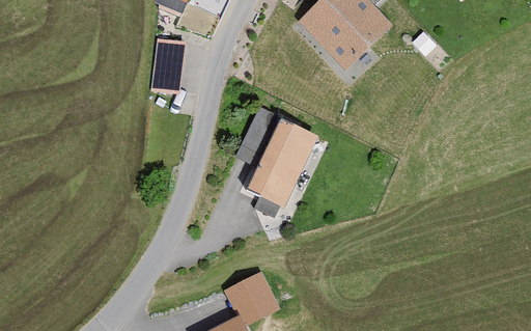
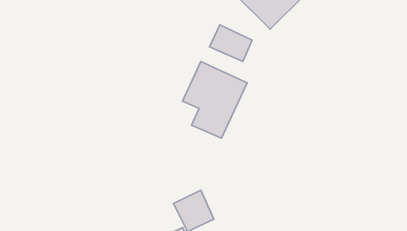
building: [151,38,185,93] -> none
building: none -> [210,25,252,61]

